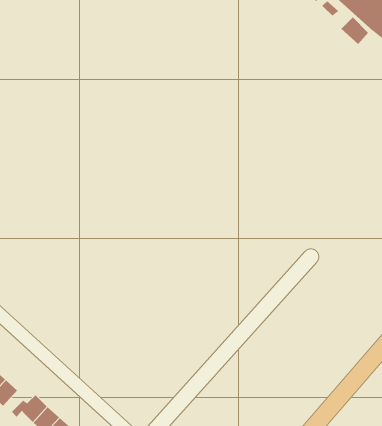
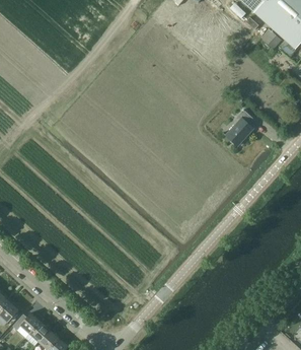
building: none -> [228,110,255,146]

